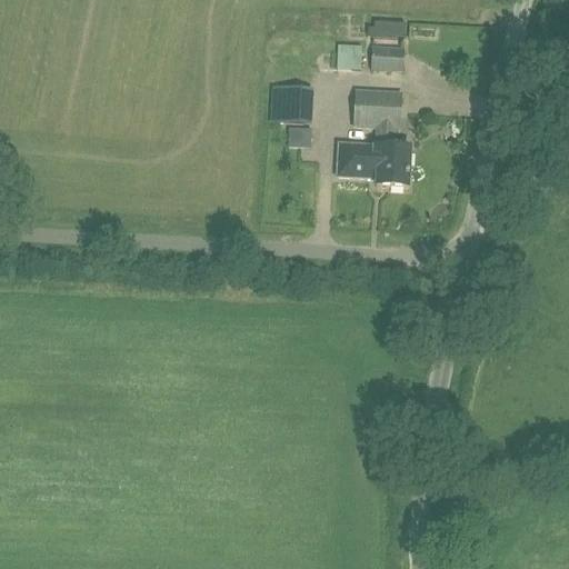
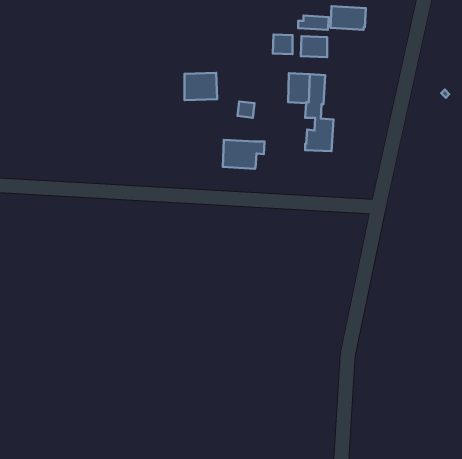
building: none -> [331,6,366,30]
building: [273,84,313,118] -> [184,73,217,100]
building: [336,142,387,178] -> [223,140,265,169]

